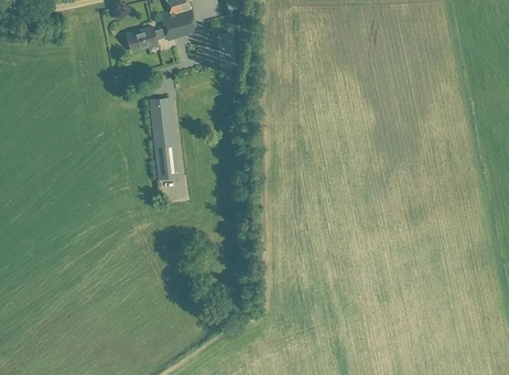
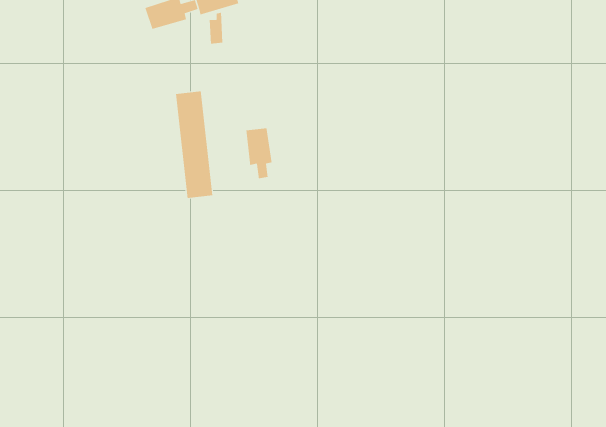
building: none -> [246,128,272,179]

